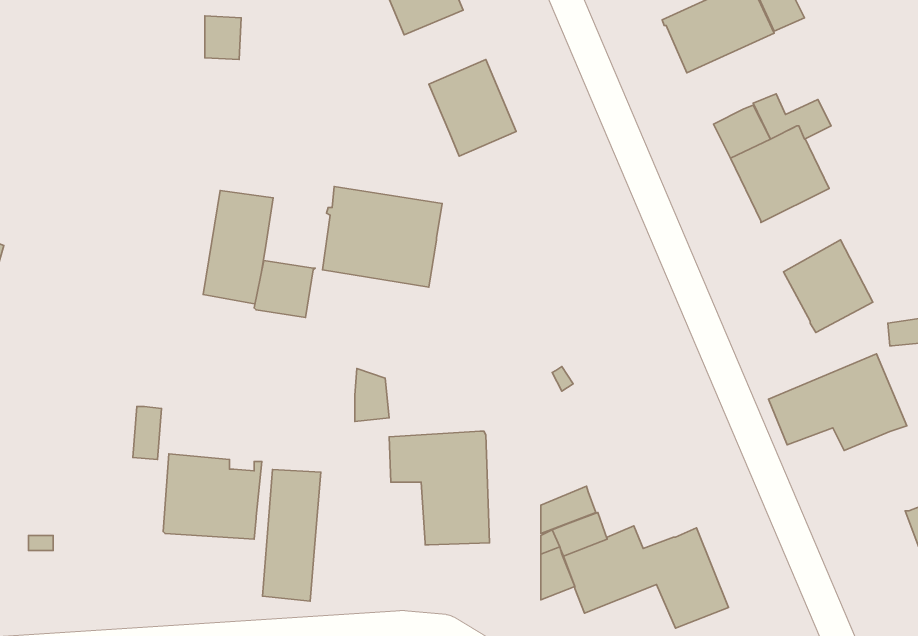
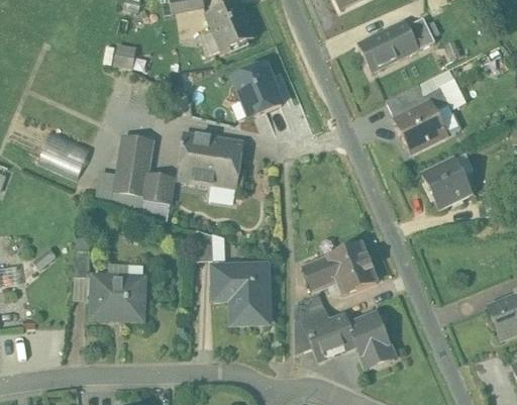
building: none -> [39,129,91,174]
building: [768,354,907,450] -> [303,241,377,293]
building: [262,469,321,601] -> none

